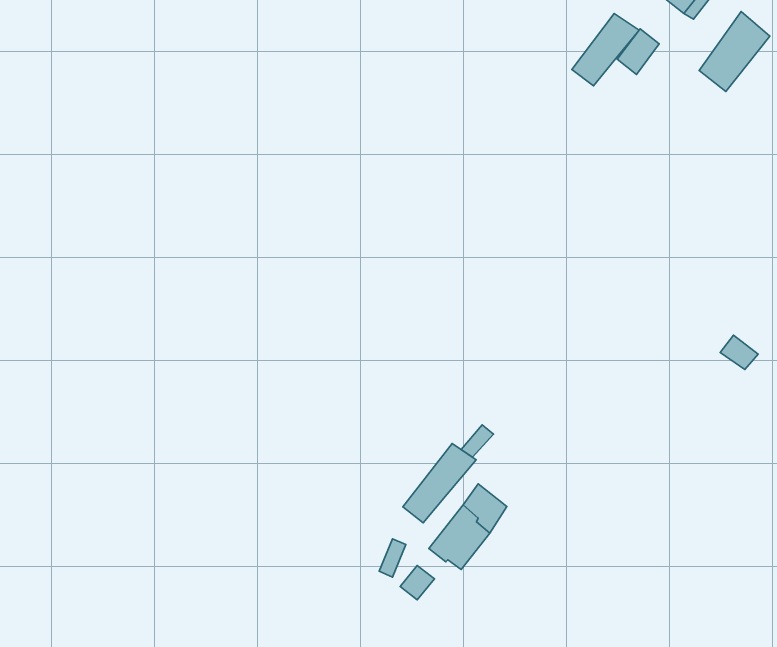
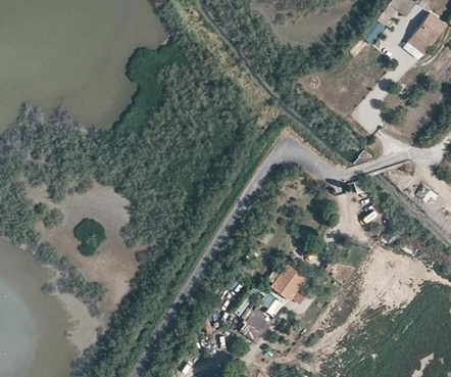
building: [572,13,639,86] -> none
building: [403,443,476,523] -> none

